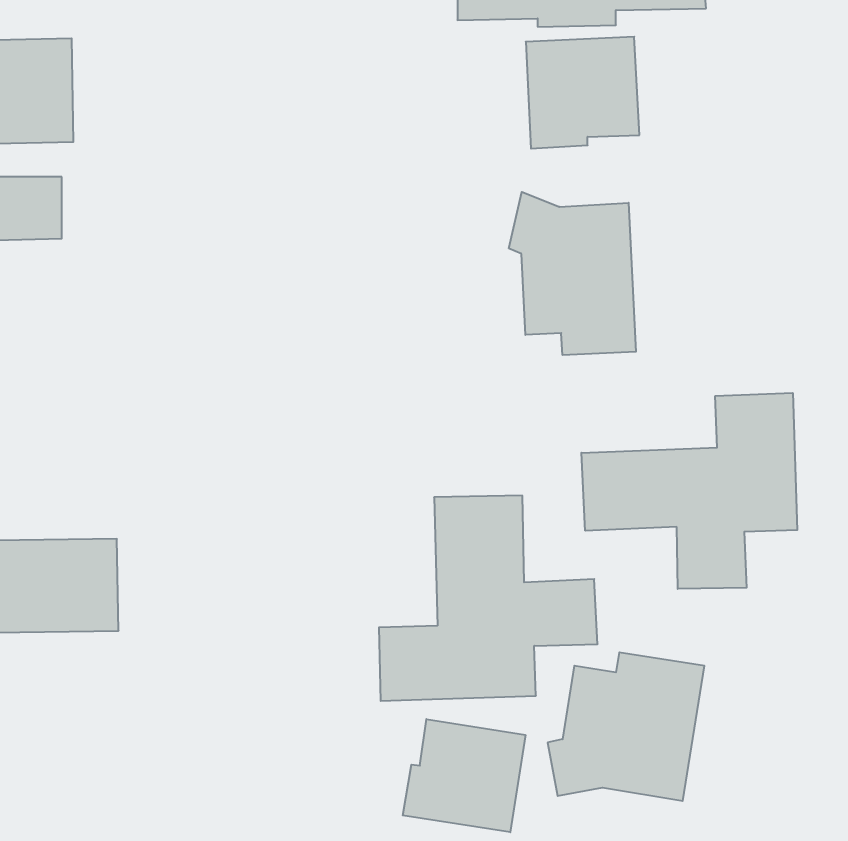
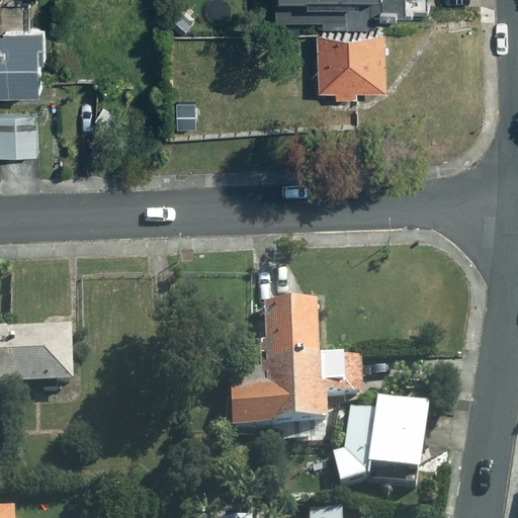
building: [509,192,636,355] -> none
building: [581,393,797,589] -> none
building: [403,719,525,832] -> none

